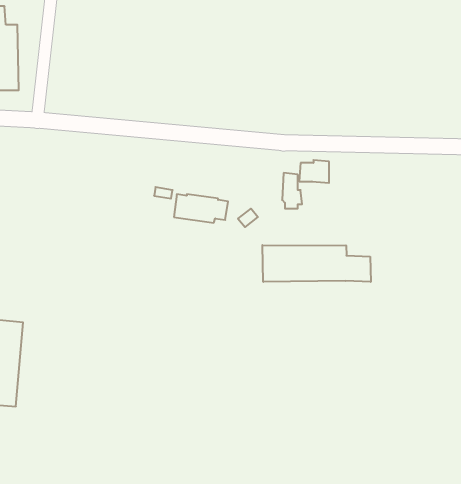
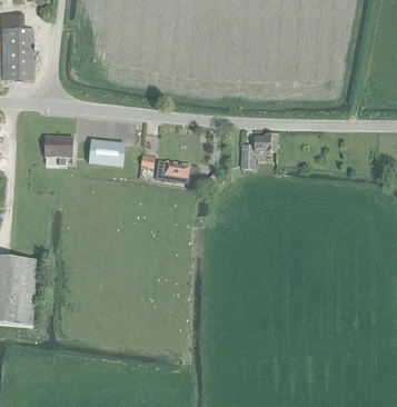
building: none -> [44,136,72,165]
building: none -> [89,140,125,166]
building: [262,245,371,282] -> none

